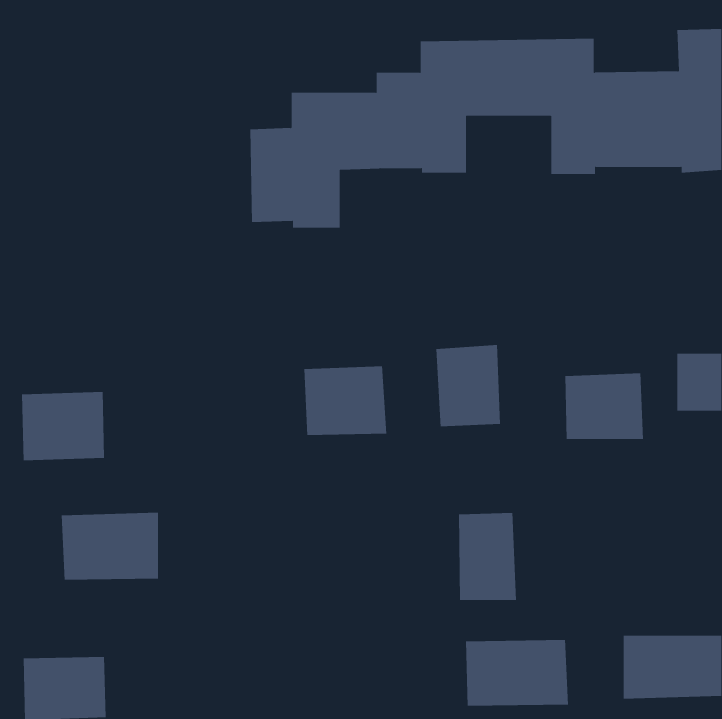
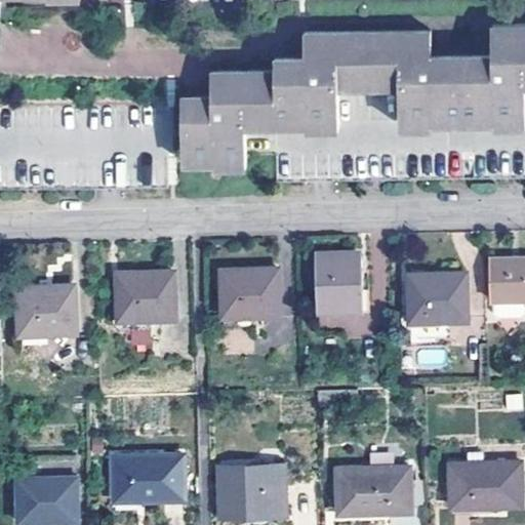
building: none -> [117,273,175,323]
building: [458,512,516,601] -> none
building: [61,512,159,580] -> [114,453,185,502]
building: none -> [216,467,285,519]

